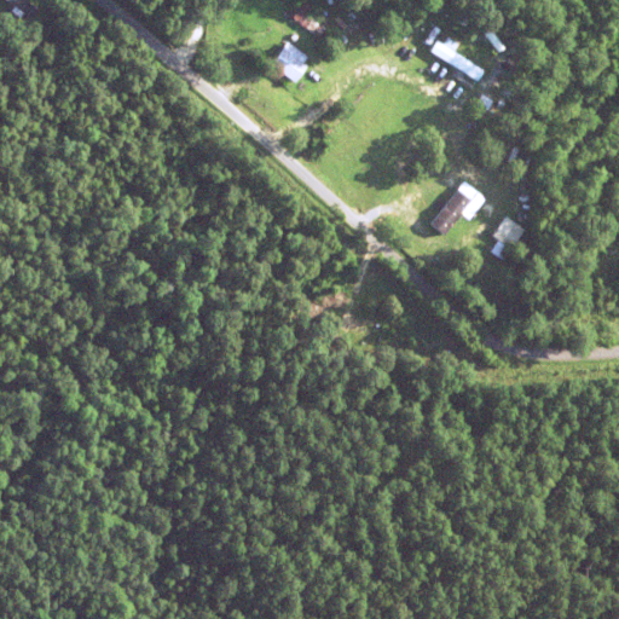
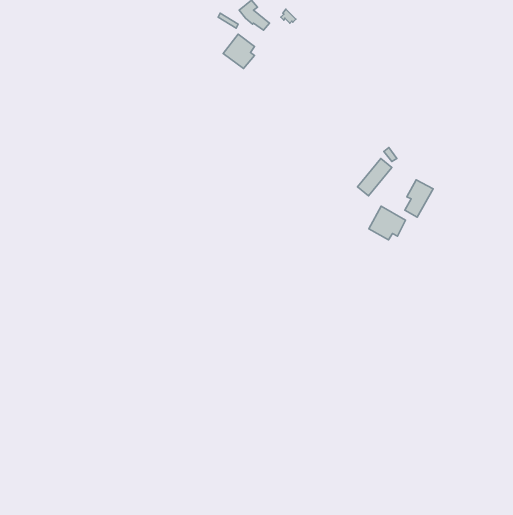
building: [430,37,485,81] -> none
building: none -> [369,206,405,240]

